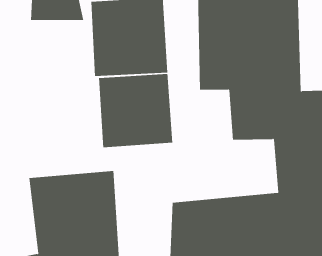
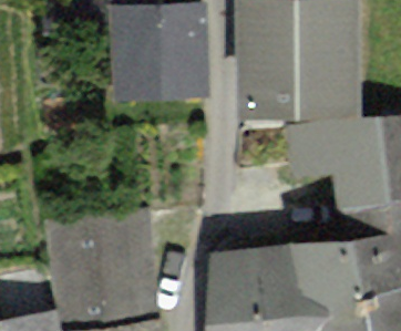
building: [99,73,173,148] -> none

